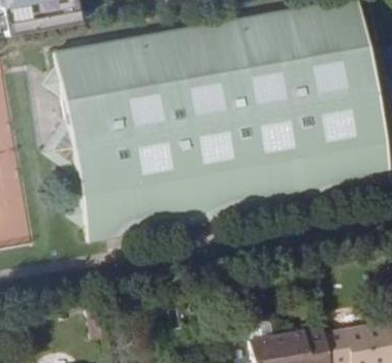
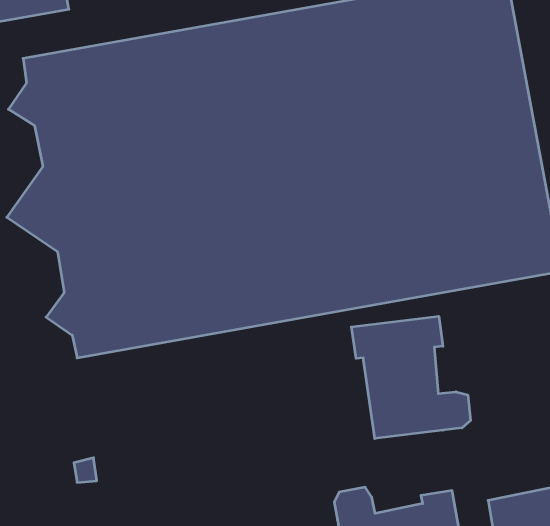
building: none -> [351,316,471,439]

